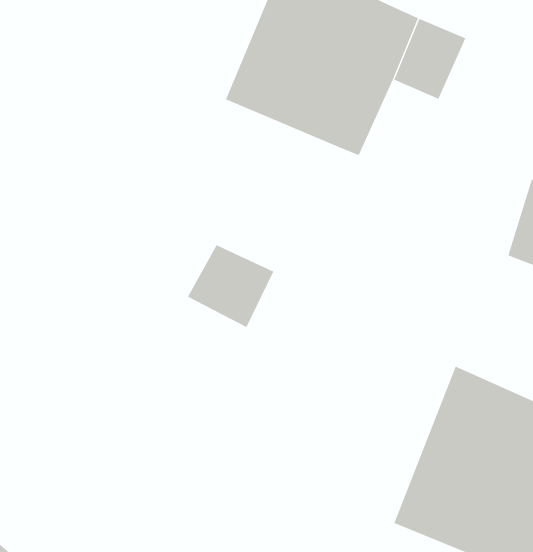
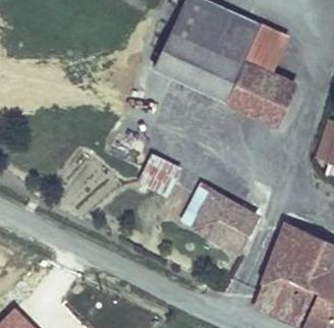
building: none -> [231,60,302,126]
building: none -> [179,183,260,255]

